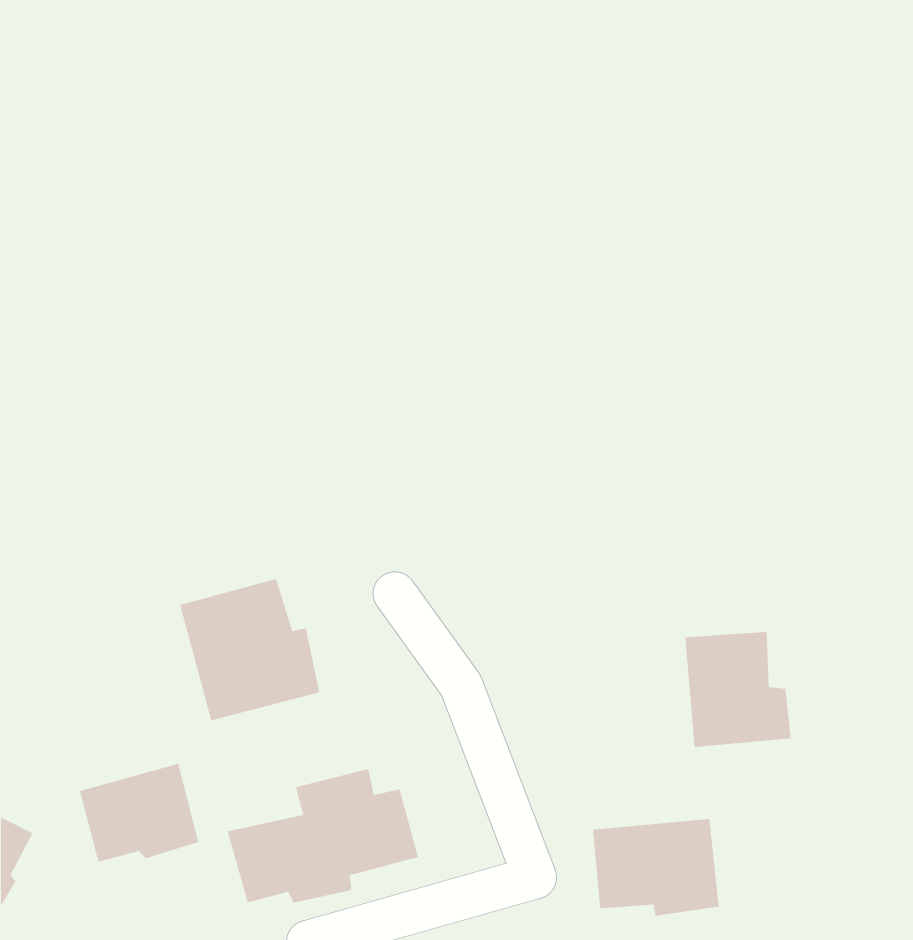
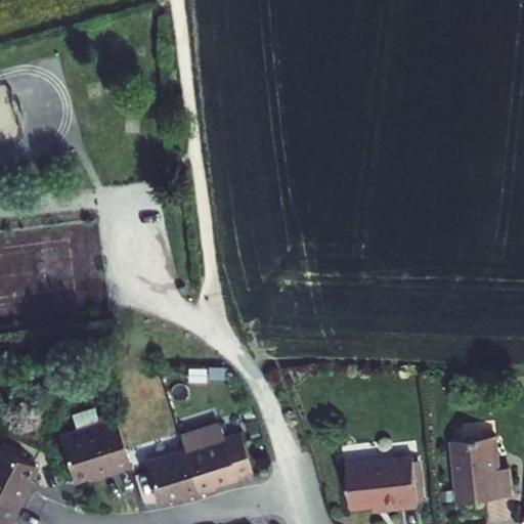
building: [179,578,320,721] -> none
building: [685,631,792,748] -> [451,436,511,500]

